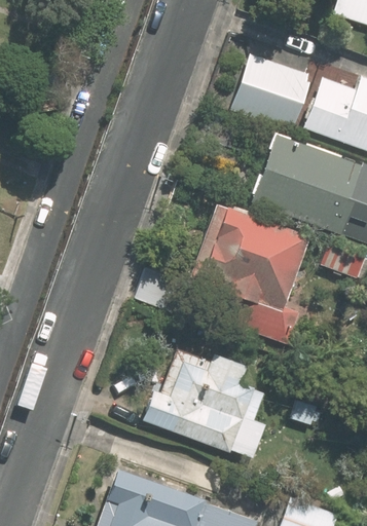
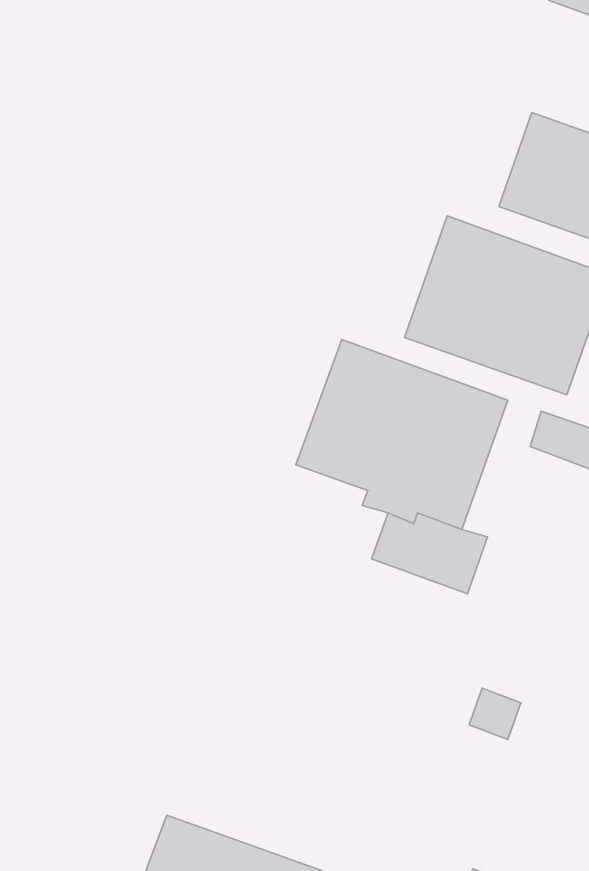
building: [231,54,311,130] -> none
building: [145,347,255,453] -> none

